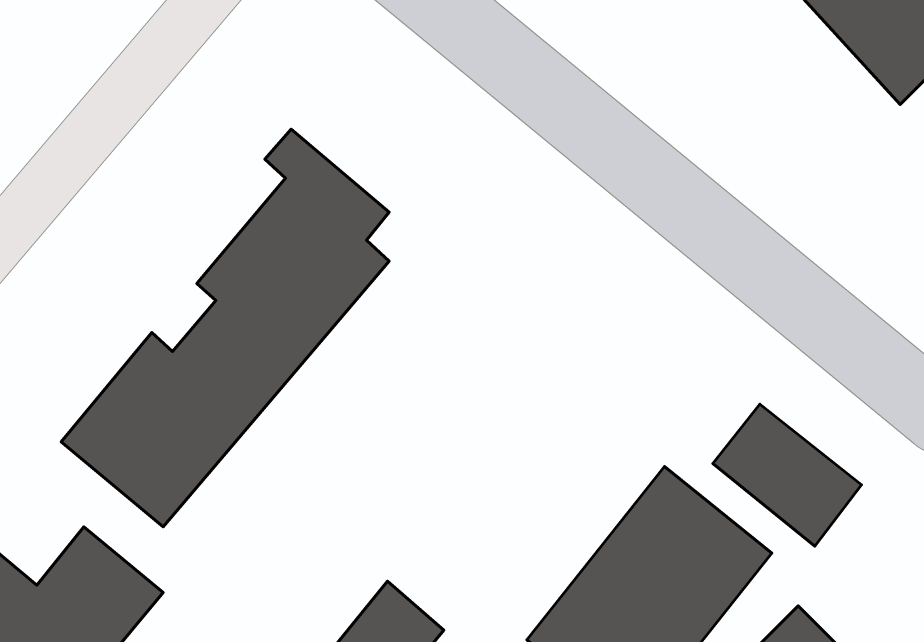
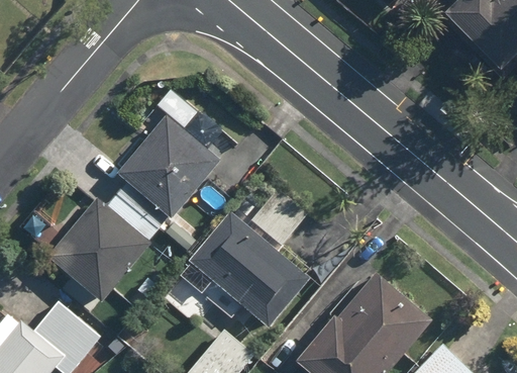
building: none -> [163,189,312,331]
building: [713,404,861,546] -> none

